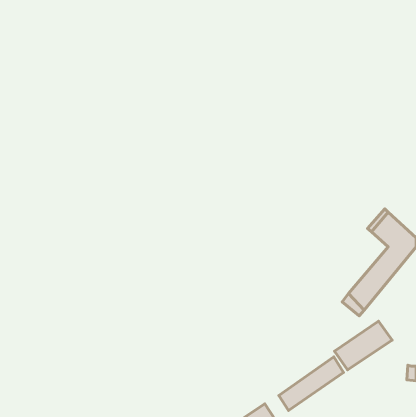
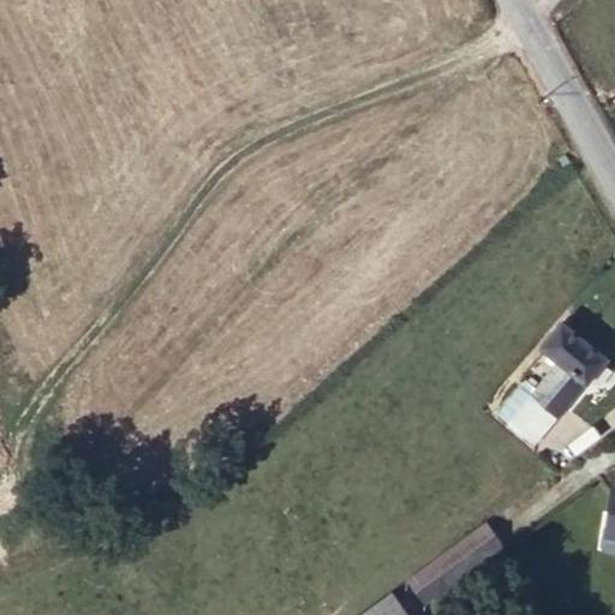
building: [335,321,392,370] -> none

